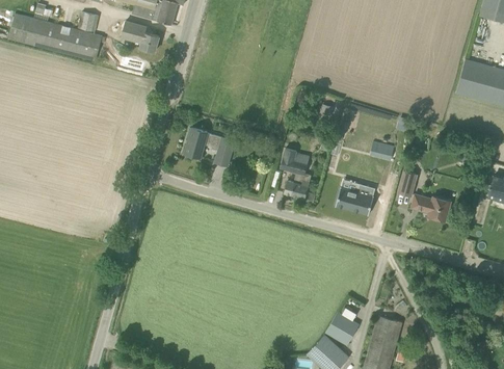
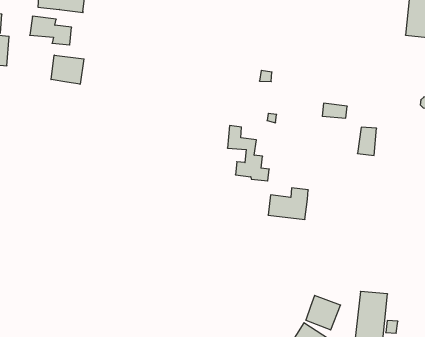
building: none -> [51,55,84,84]
building: [184,127,234,165] -> none
building: [337,183,376,213] -> [268,188,308,219]
building: [410,193,451,221] -> none

